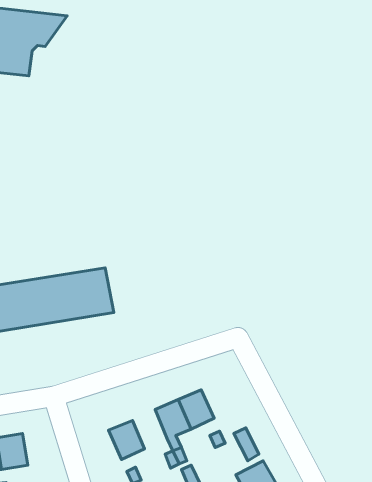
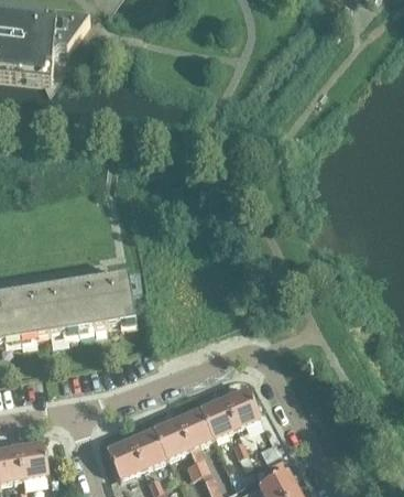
building: none -> [223,385,261,424]
building: none -> [154,415,189,455]
building: none -> [107,436,143,476]

